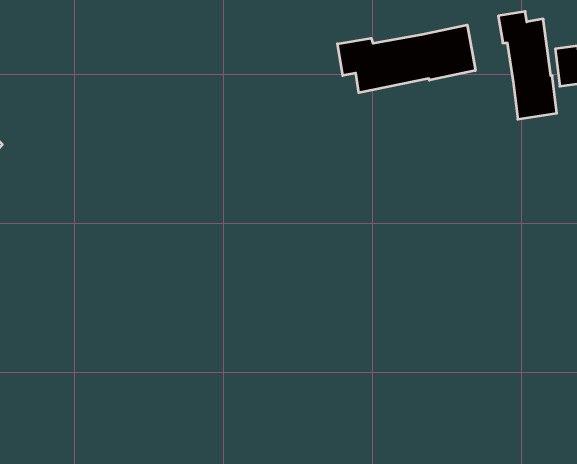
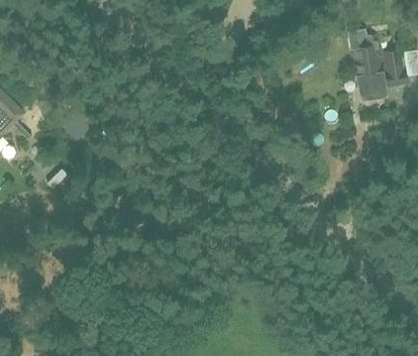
building: [337,25,475,93] -> none

